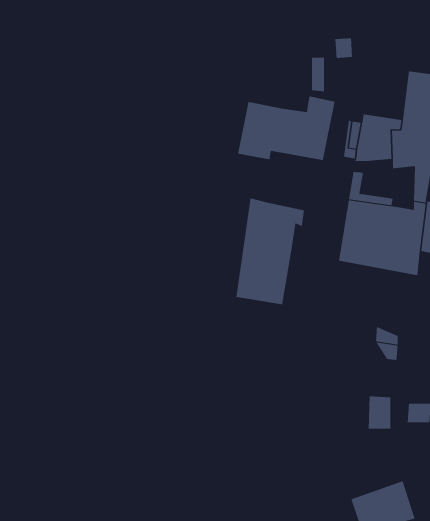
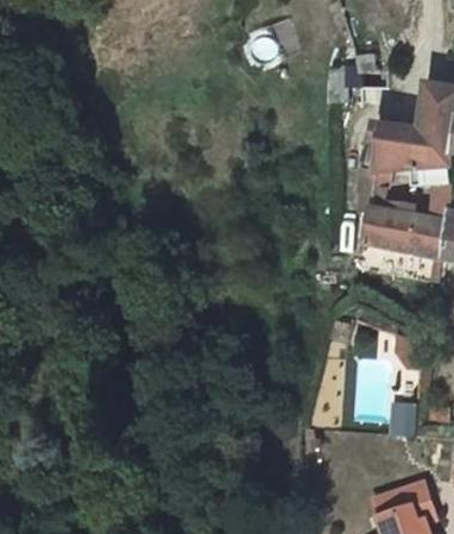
building: [238,96,335,161] -> none
building: [236,197,304,305] -> none

